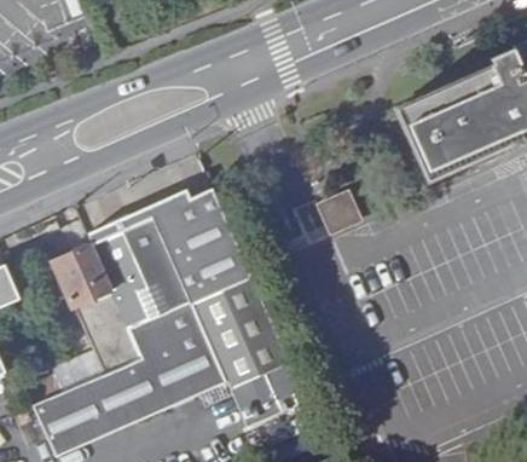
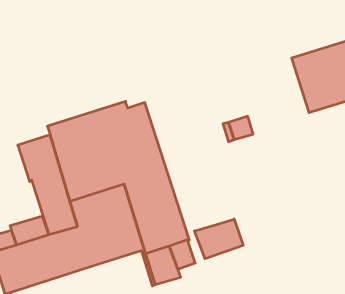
building: none -> [194,219,243,259]

